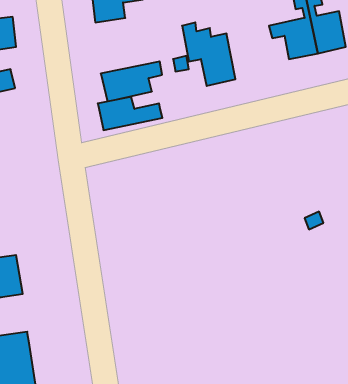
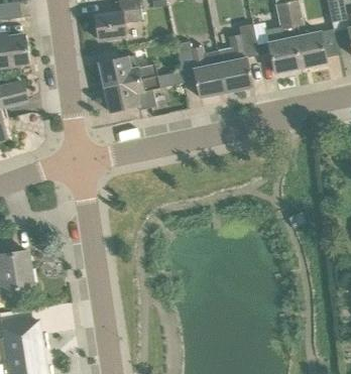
building: none -> [218,24,259,92]
building: [98,97,162,130] -> [99,56,157,87]

